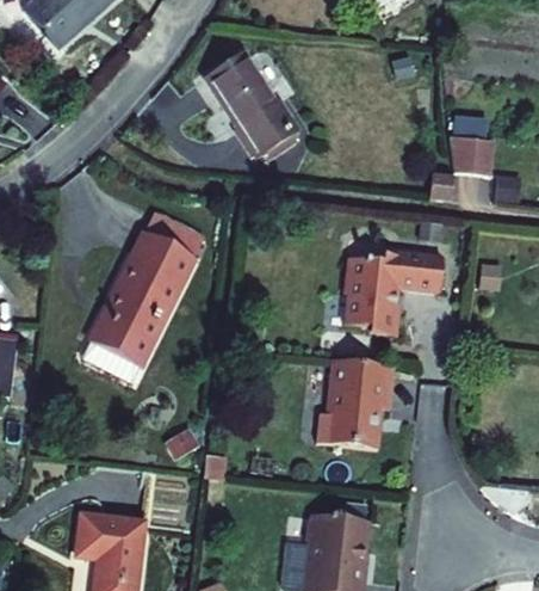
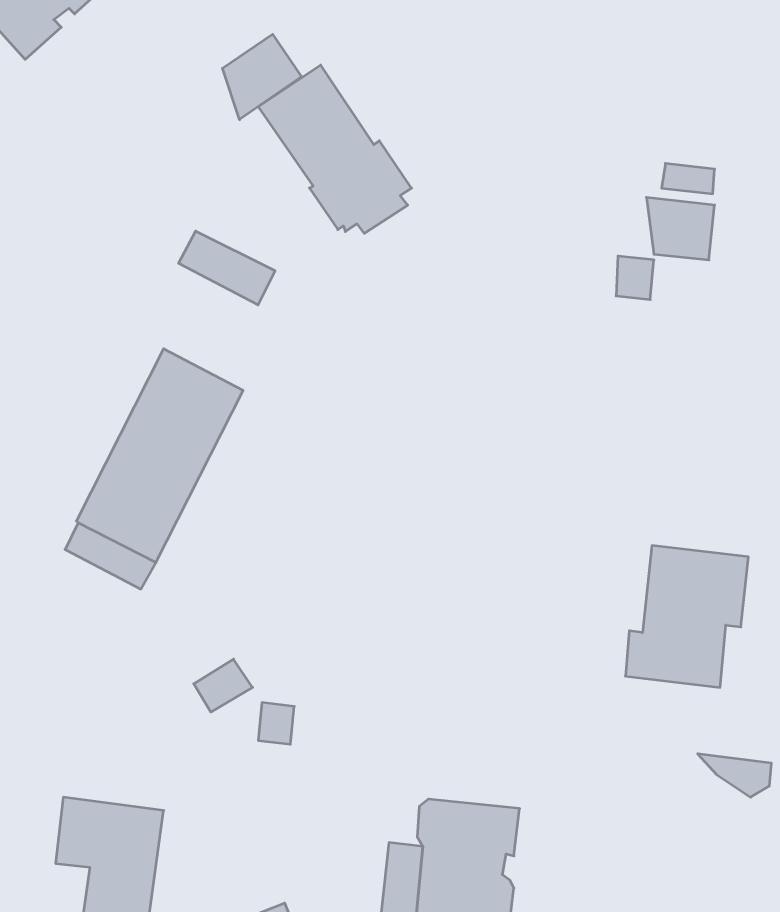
building: none -> [222,34,302,120]
building: [145,210,206,257] -> [179,231,275,305]
building: [342,248,441,338] -> none
building: [318,359,396,449] -> [625,546,748,687]

